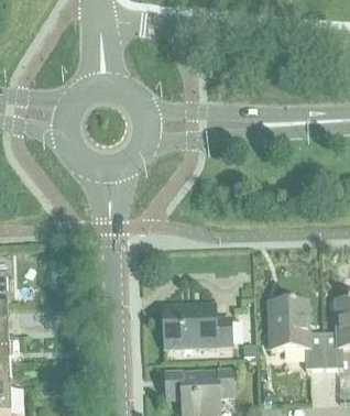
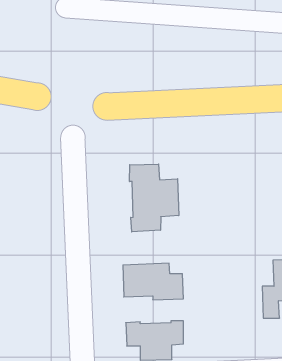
building: none -> [130,164,179,232]
building: [271,300,324,366] -> none

